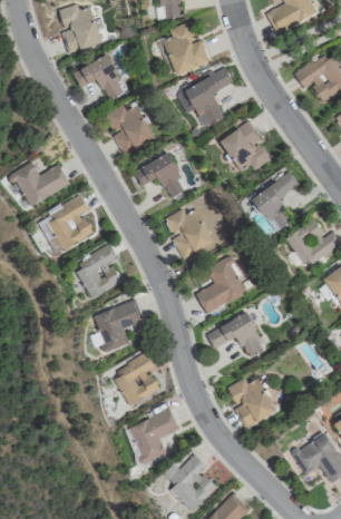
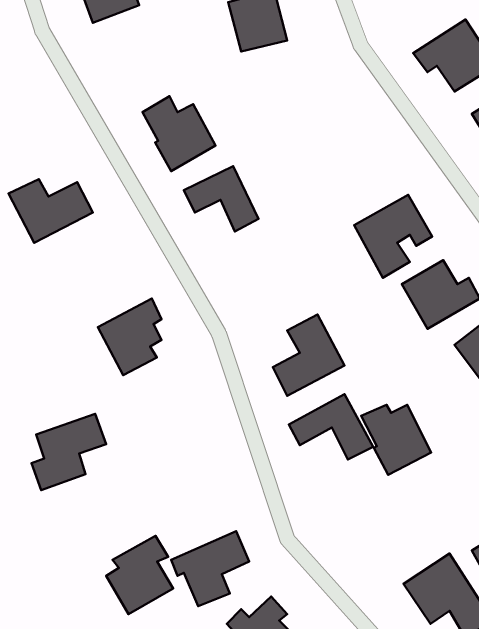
building: [72,53,127,100] -> none
building: [185,67,234,126] -> none
building: [221,121,273,170] -> none
building: [38,193,95,253] -> none
building: [165,208,214,258] -> none
building: [90,300,143,353] -> [31,414,106,490]
building: [114,351,160,405] -> [106,536,173,614]
building: [227,378,276,427] -> [361,405,431,475]

